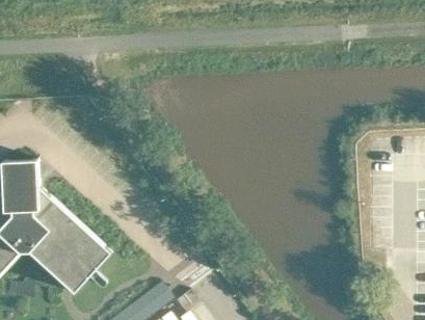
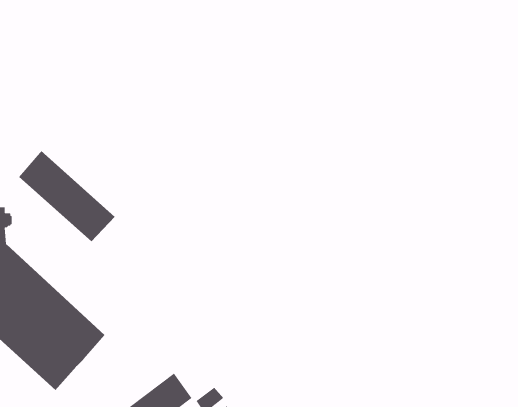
building: none -> [18,150,115,242]

